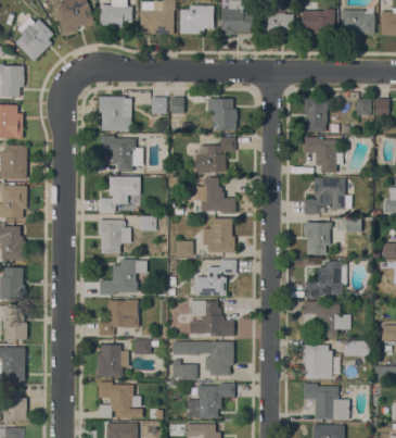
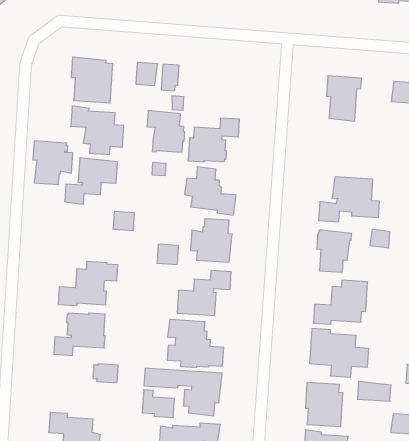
building: [207,98,238,130] -> [147,111,185,152]
building: [304,137,343,173] -> none
building: [99,220,130,253] -> [33,141,73,185]
building: [97,345,129,377] -> none

